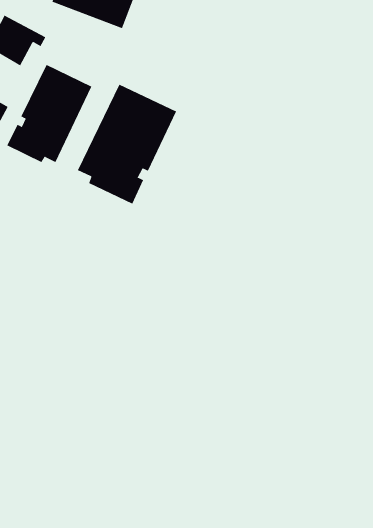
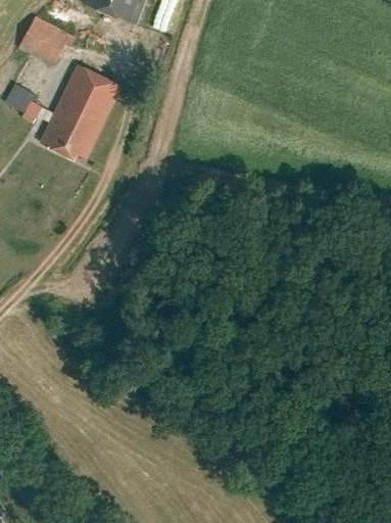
building: [77,84,177,205] -> none

